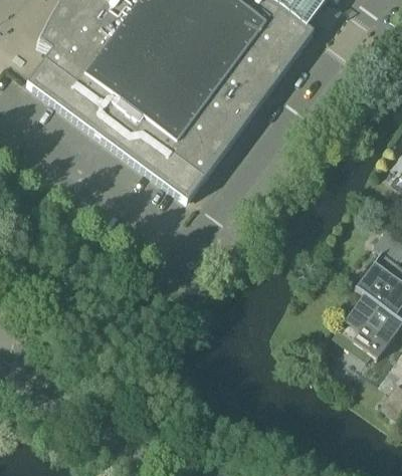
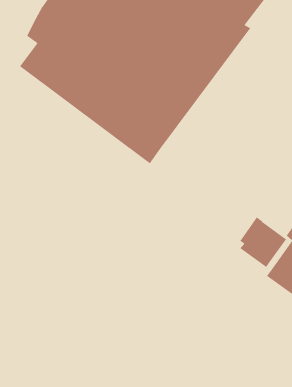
building: none -> [239,216,287,268]

